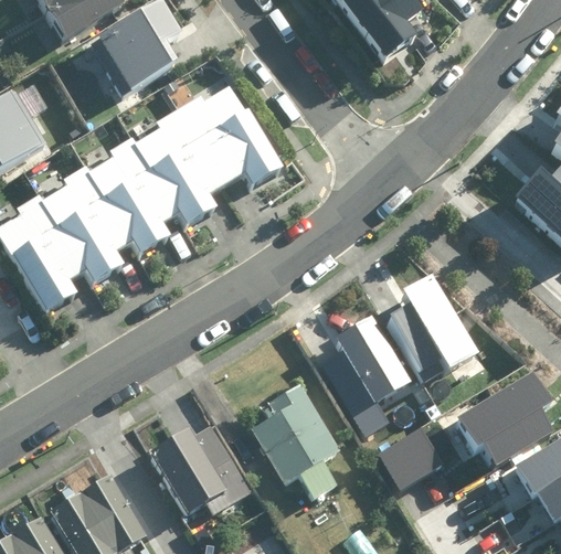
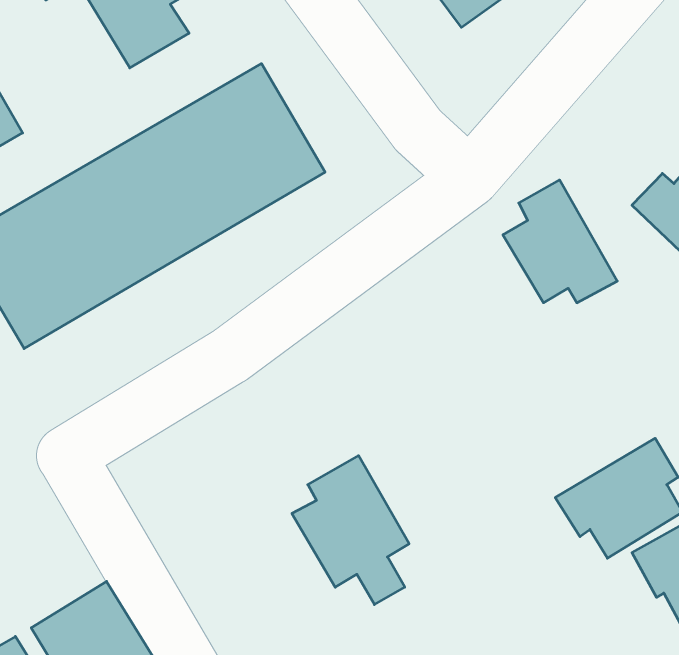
building: [388,275,475,369] -> [503,180,617,303]
building: [320,315,410,432] -> none
building: [374,425,440,487] -> none
building: [154,427,251,516] -> none

